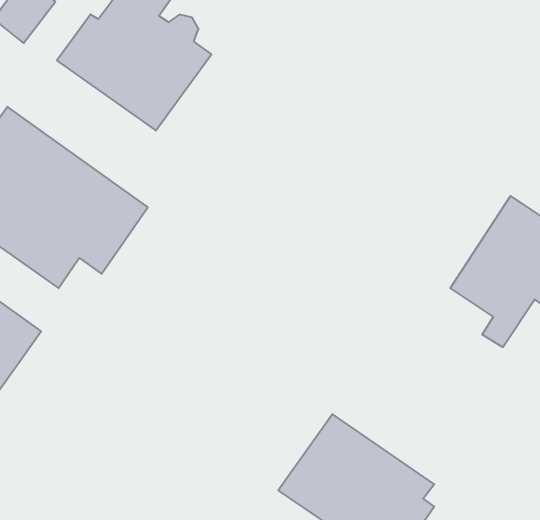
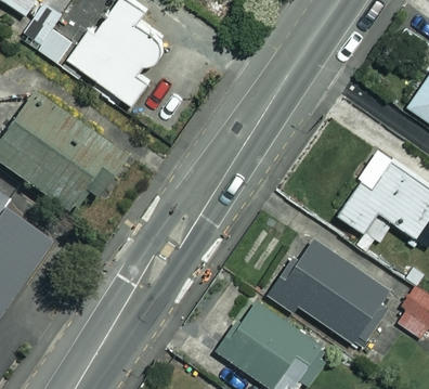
building: none -> [269,241,387,348]

